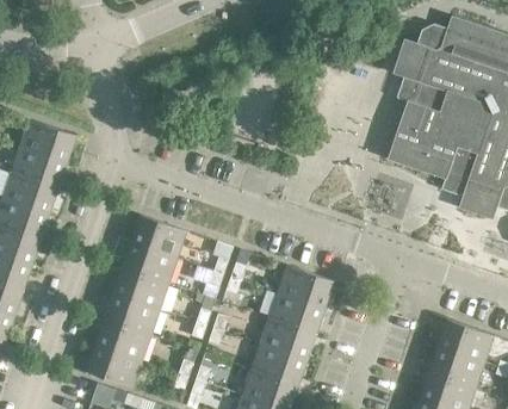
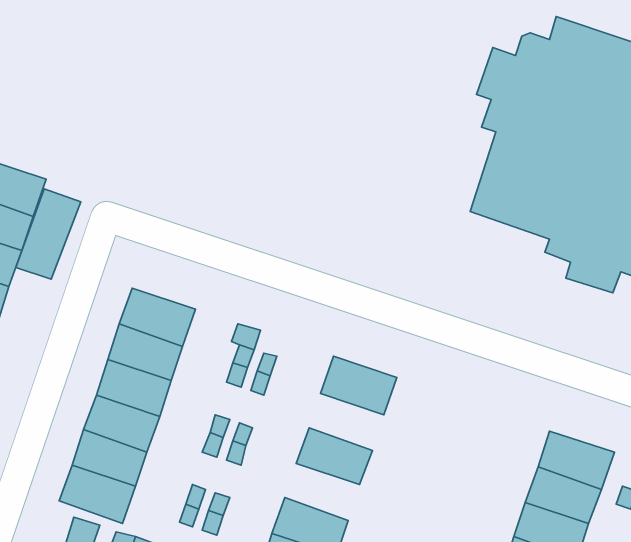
building: none -> [16,189,81,279]
building: [270,292,324,334] -> none
building: [252,343,306,385] -> none

